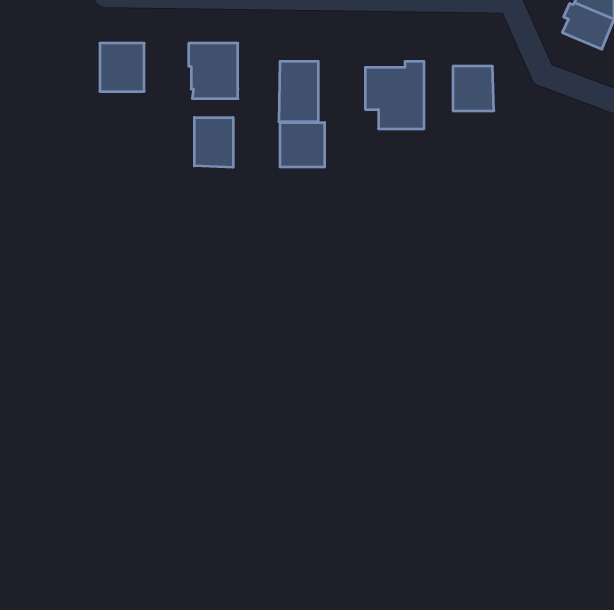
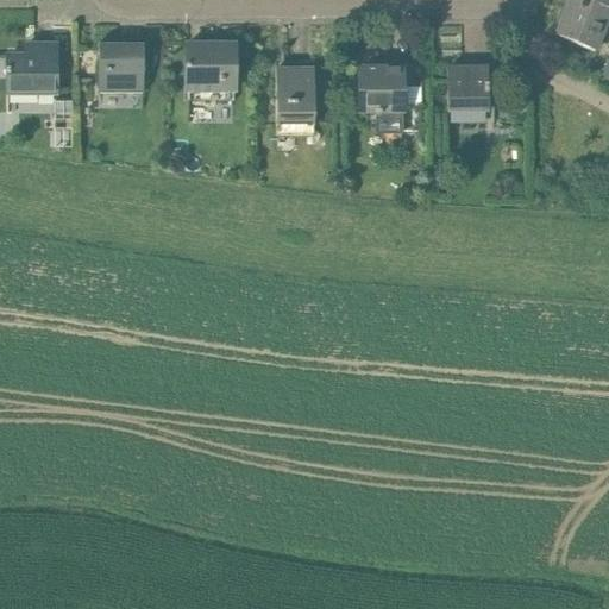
building: none -> [8,43,64,92]
building: [194,117,233,167] -> none
building: [280,122,325,167] -> none

